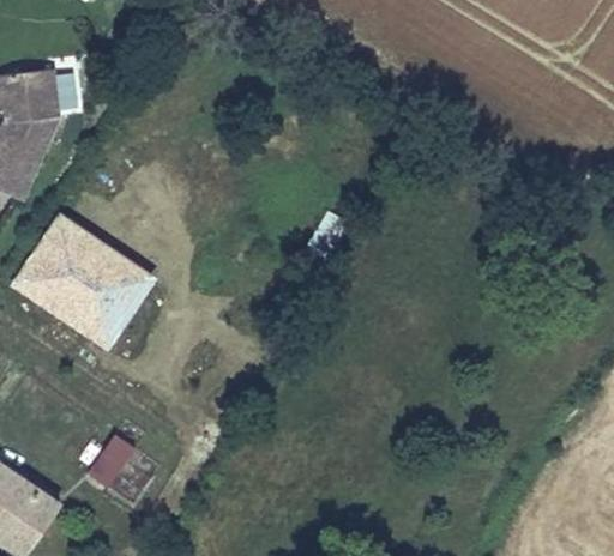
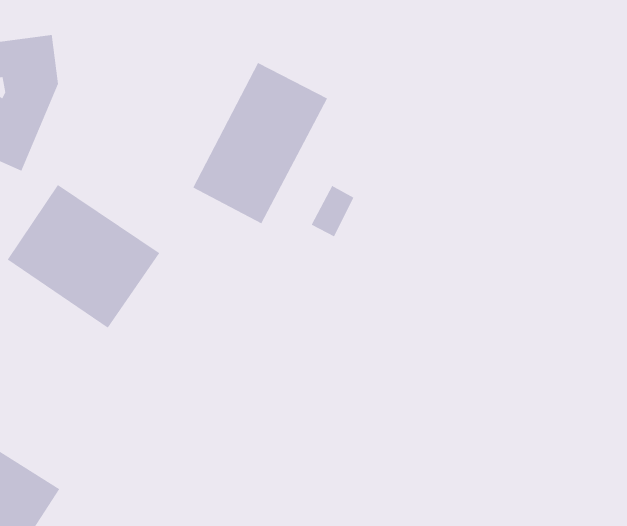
building: none -> [192,62,328,224]
building: [83,435,137,495] -> none

